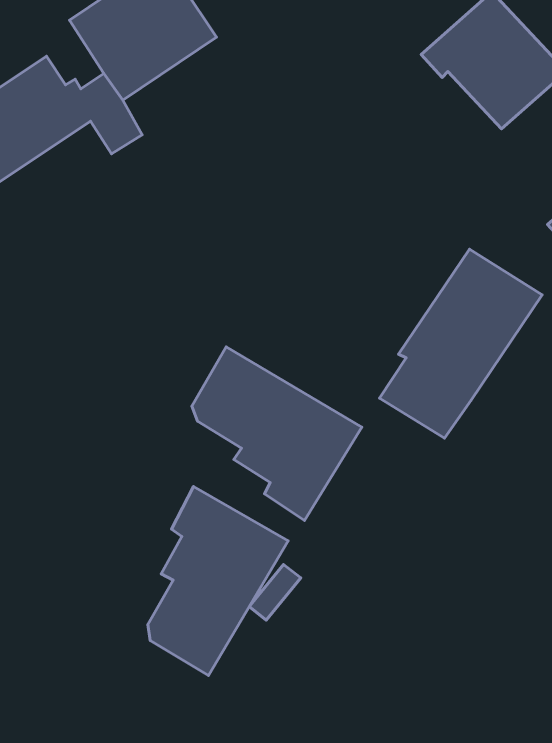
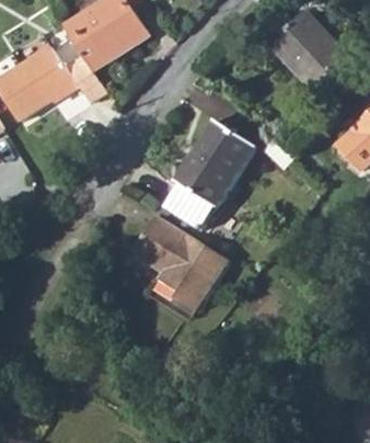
building: [380,249,542,438] -> [161,116,254,225]
building: [148,487,288,675] -> none

